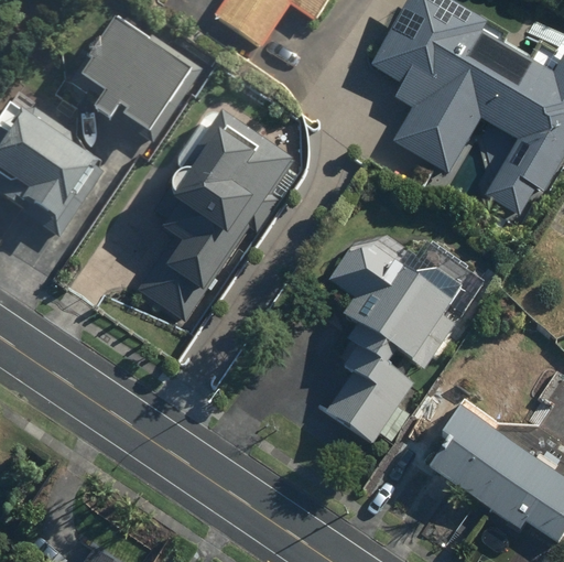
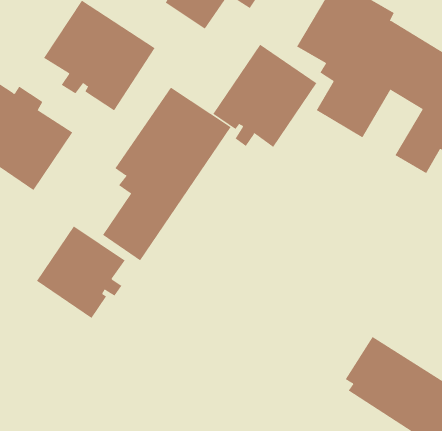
building: none -> [213,44,317,148]
building: [326,236,470,441] -> none
building: none -> [36,225,125,319]

